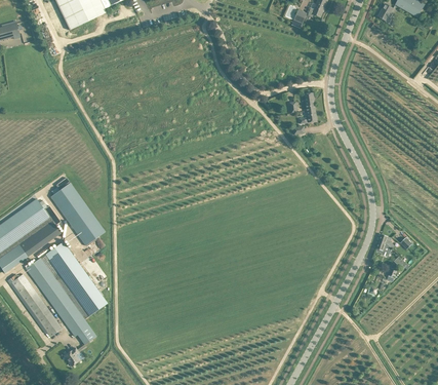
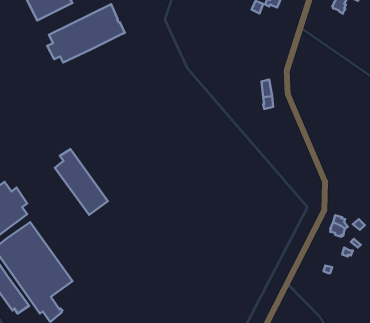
building: none -> [47,4,125,63]
building: [49,177,105,245] -> [55,149,108,215]

